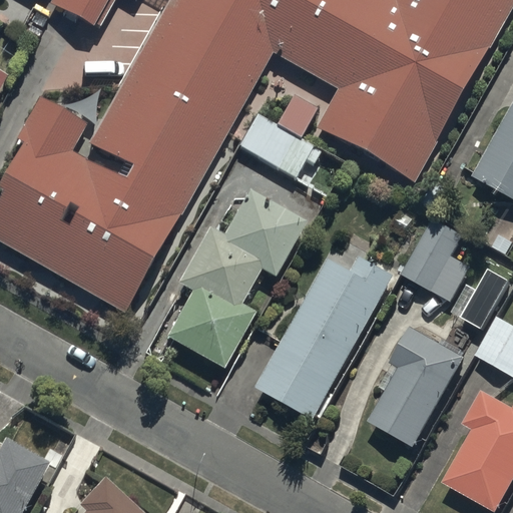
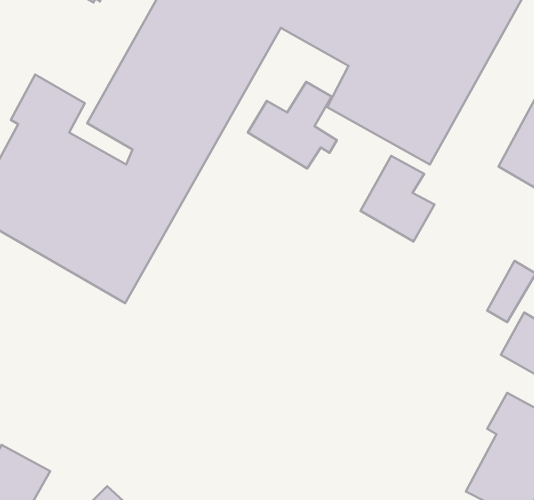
building: [166,193,306,372] -> none
building: [403,221,473,303] -> [361,156,435,242]
building: [260,256,395,421] -> none
building: [369,329,466,451] -> none

